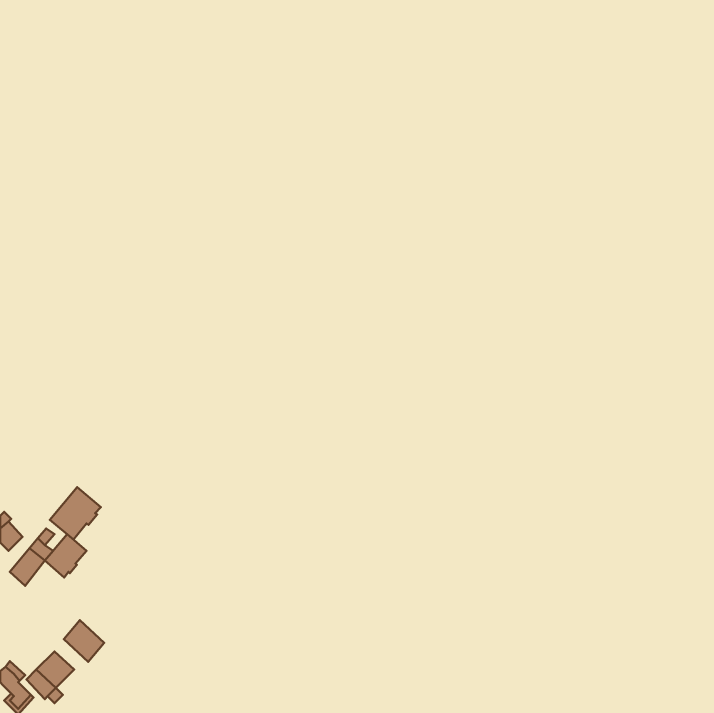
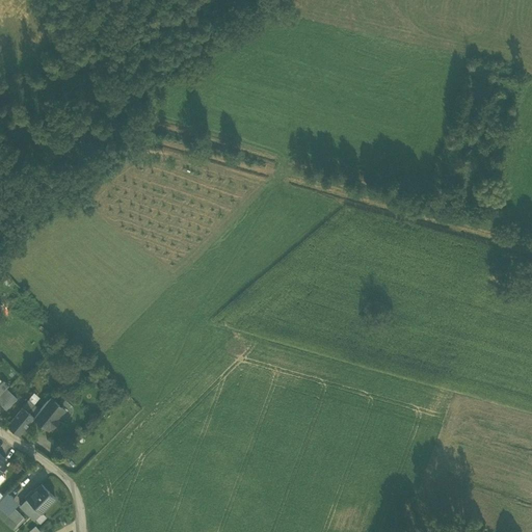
building: [50,487,101,539] -> none
building: [64,620,104,662] -> none

